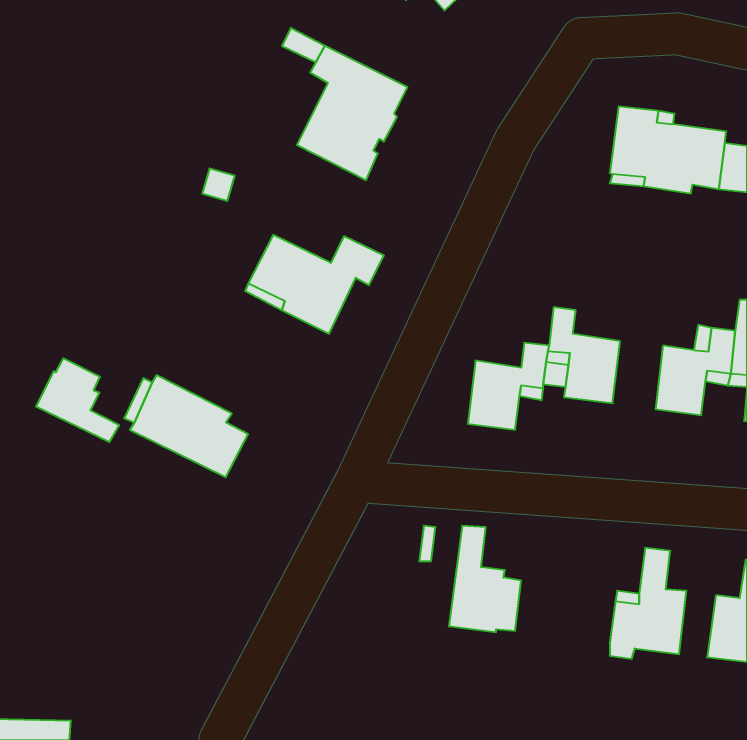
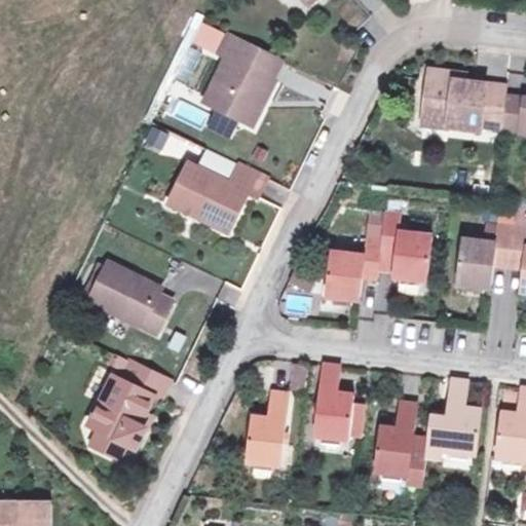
building: [36,358,119,442] -> none
building: none -> [88,359,167,455]
building: none -> [245,392,288,464]
building: none -> [373,404,424,487]

